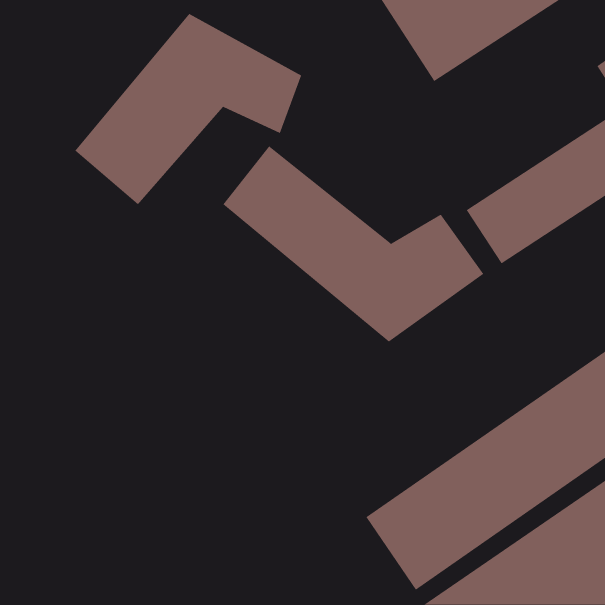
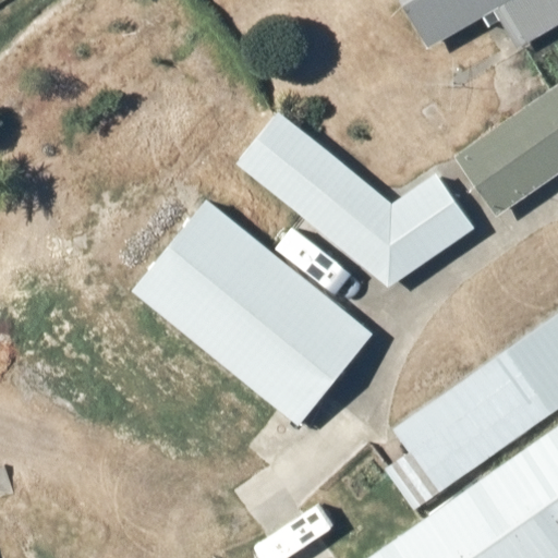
building: [75,13,302,205] -> none
building: none -> [112,221,344,436]

